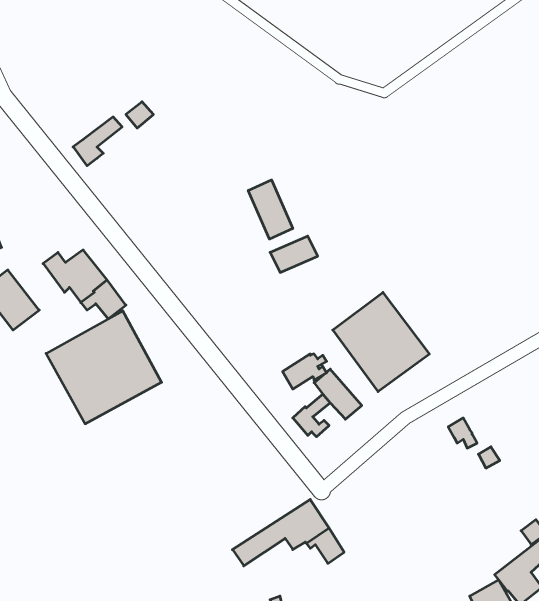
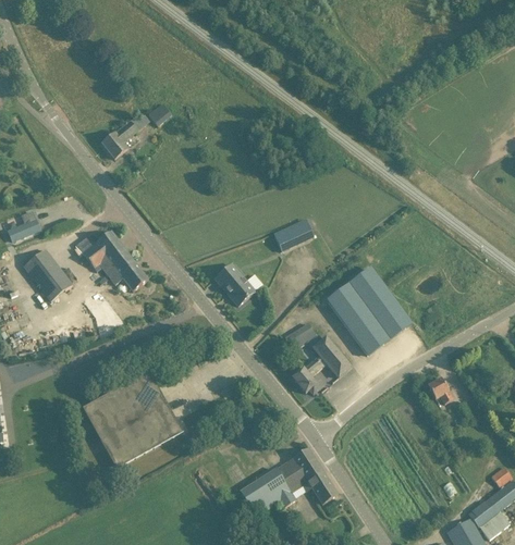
building: [248,180,293,239] -> none
building: none -> [214,263,254,305]
building: [46,311,162,424] -> [82,371,182,469]
building: none -> [249,482,296,516]

